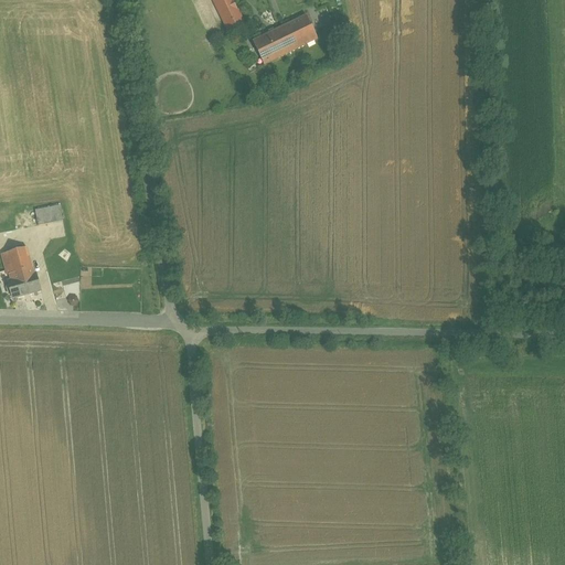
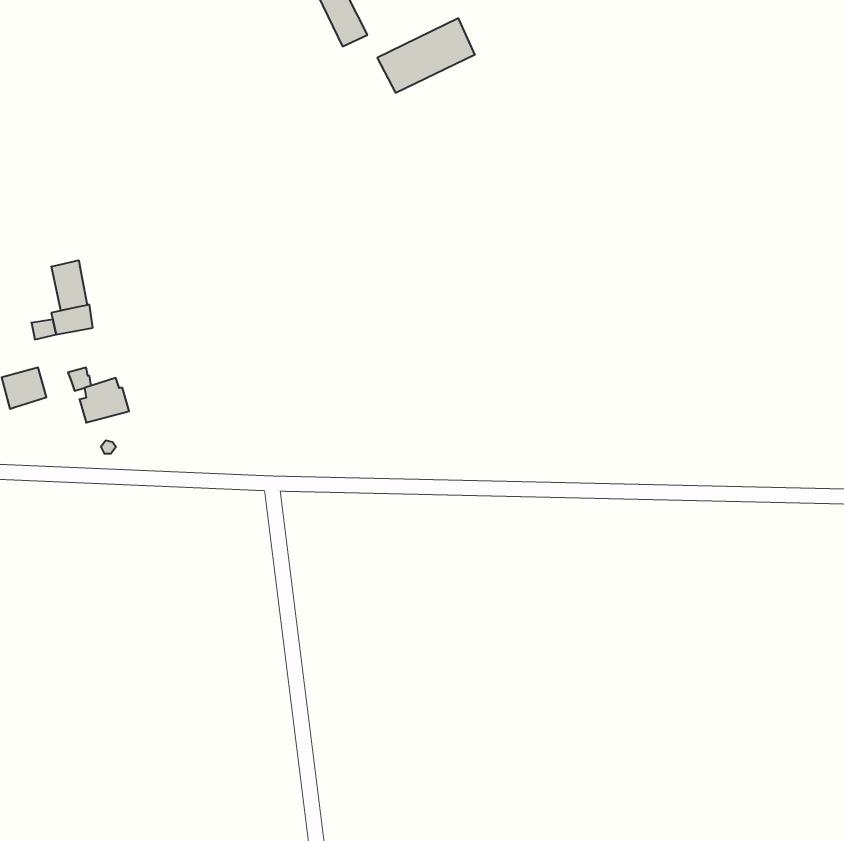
building: none -> [51,260,87,311]
building: [7,265,40,295] -> [79,378,129,423]

